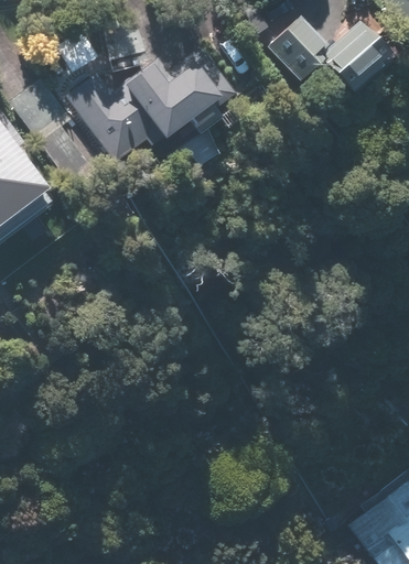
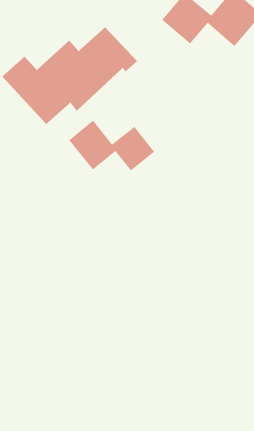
building: none -> [68,120,155,172]

